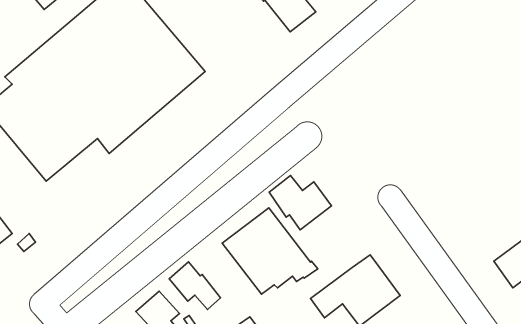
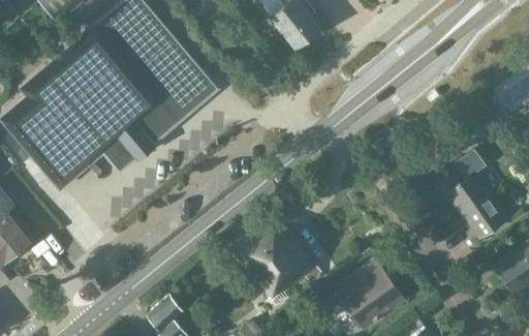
building: none -> [446,152,507,239]
building: [269,176,331,230] -> none
building: [169,262,221,309] -> none

